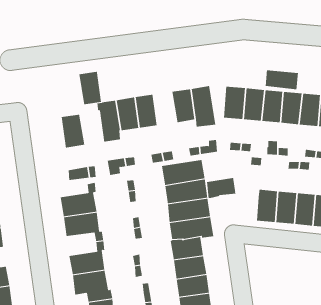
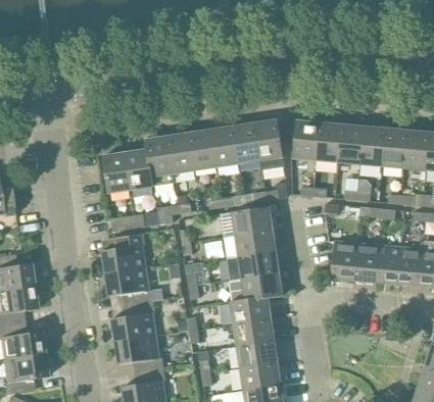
building: [265,70,299,90] -> none
building: [78,71,102,105] -> [125,149,152,189]
building: none -> [210,127,238,166]
building: [206,177,236,199] -> none

